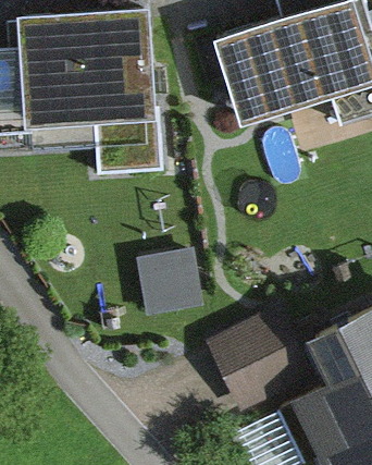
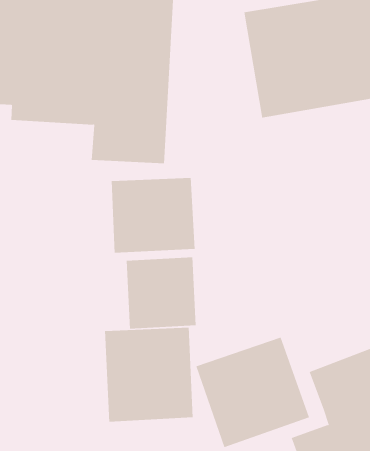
building: none -> [111,177,195,254]
building: none -> [104,327,193,423]

